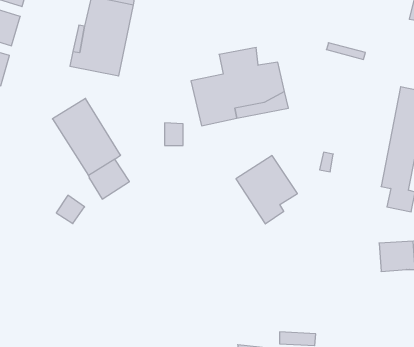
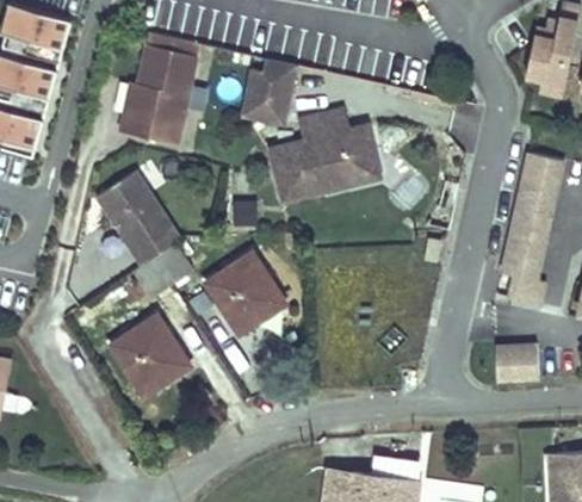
building: none -> [241,57,298,124]
building: [236,156,297,224] -> [208,250,283,334]
building: none -> [112,312,191,396]

